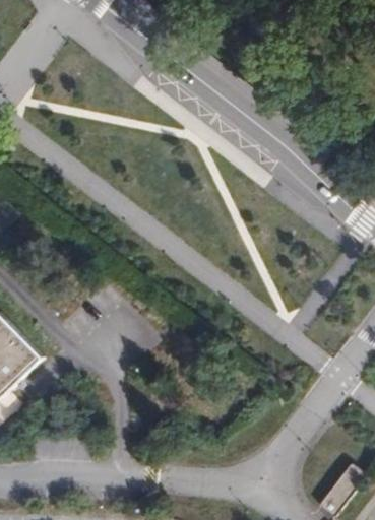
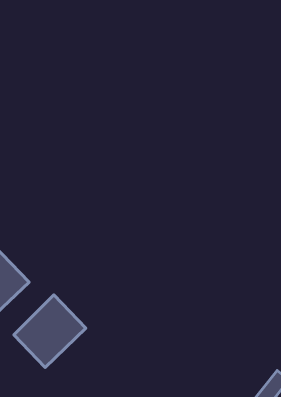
building: none -> [14,295,86,368]

